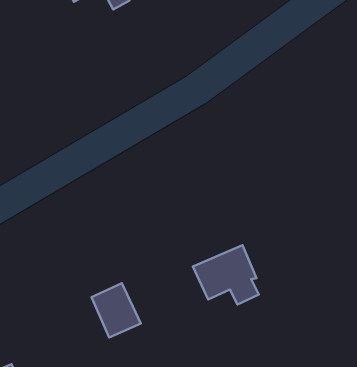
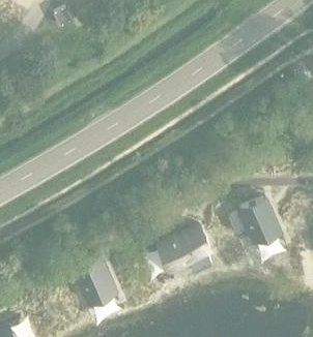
building: none -> [229,201,280,246]

